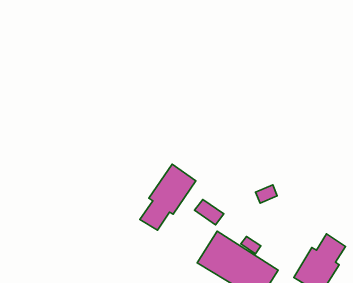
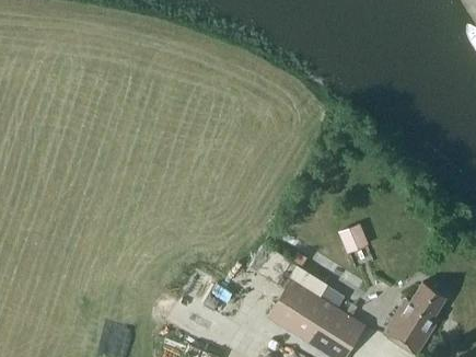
building: [140,164,196,230] -> none

